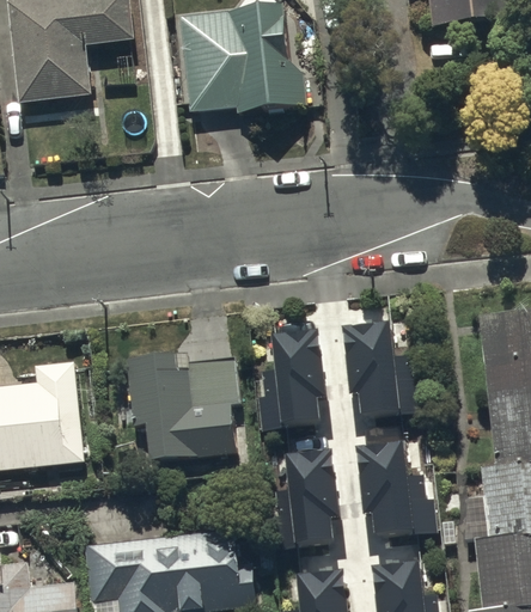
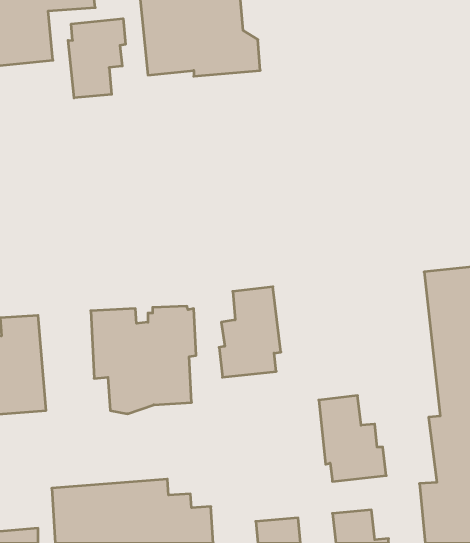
building: none -> [68,19,125,98]
building: [353,326,423,415] -> none
building: [276,453,341,547] -> none

